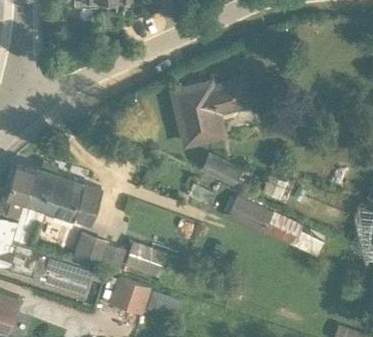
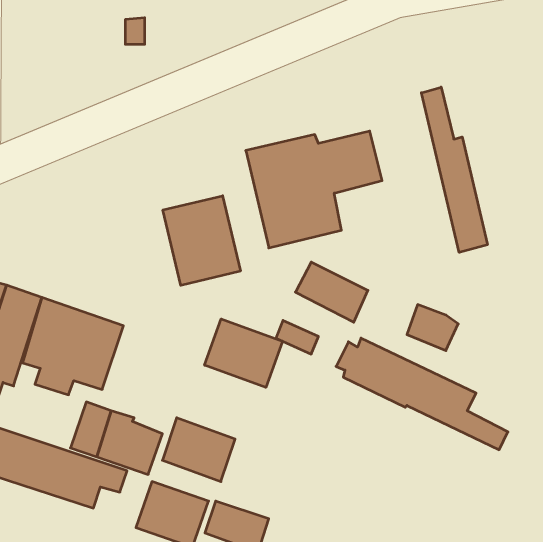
building: none -> [421,87,487,252]
building: none -> [163,196,240,285]
building: none -> [205,319,282,387]

